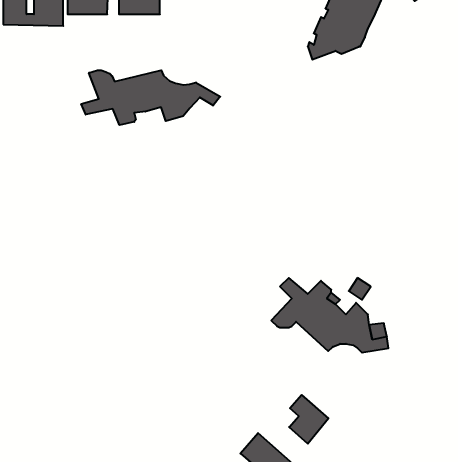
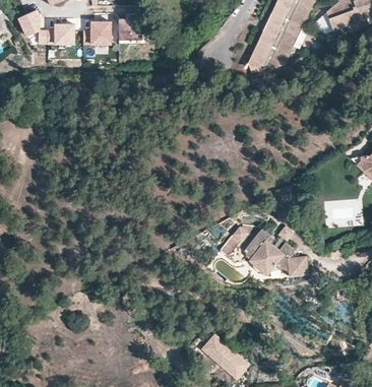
building: [81,70,220,125] -> none
building: [289,395,328,444] -> none

